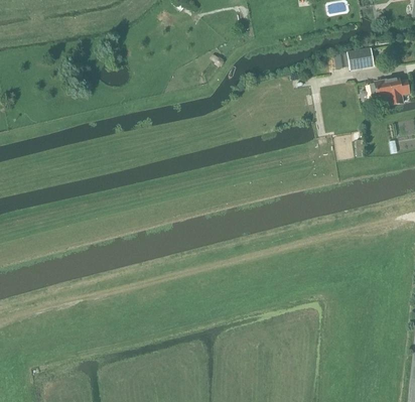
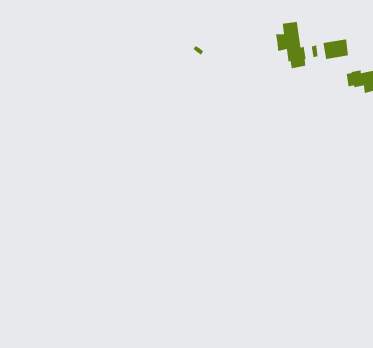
building: none -> [275,21,306,69]

